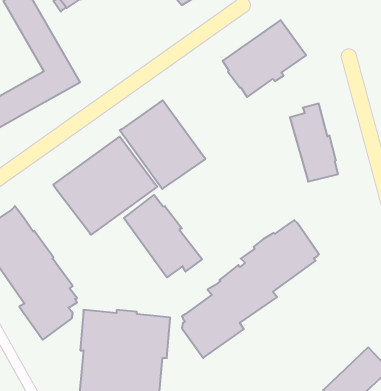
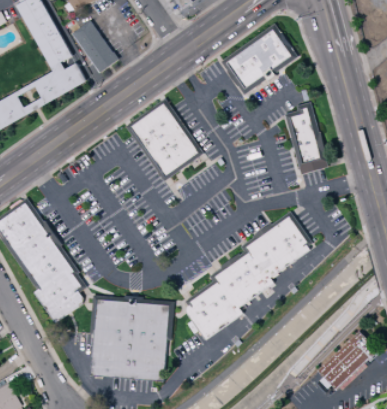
building: none -> [72,21,119,73]
building: [53,137,157,235] -> none
building: [124,195,202,277] -> none

